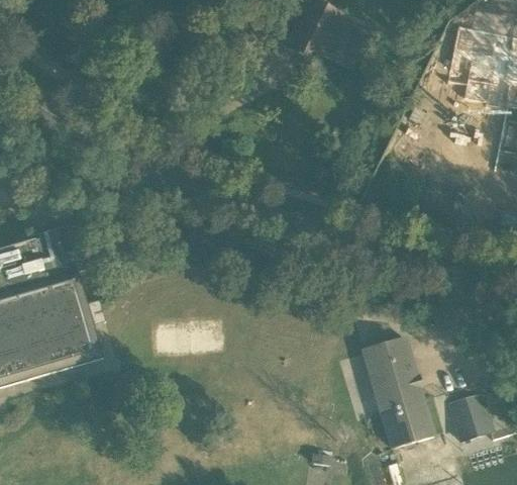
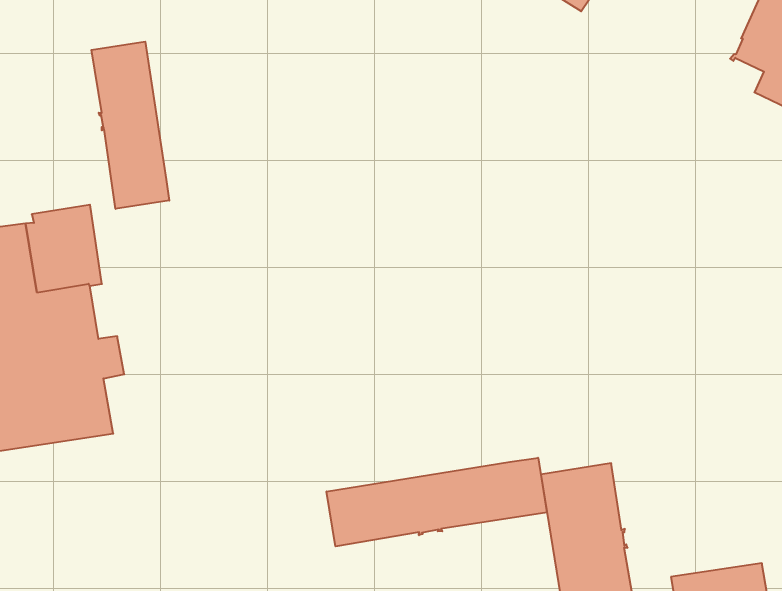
building: none -> [91,42,169,209]
building: none -> [327,458,547,546]

